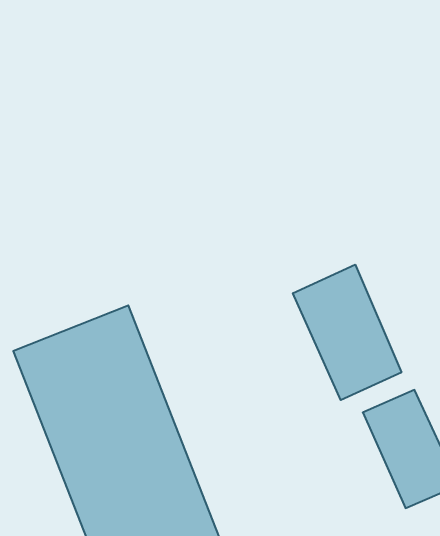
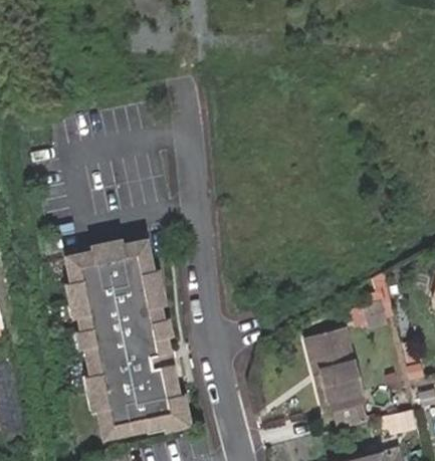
building: [293,265,401,400] -> none

